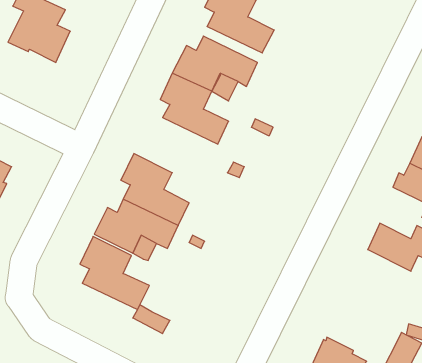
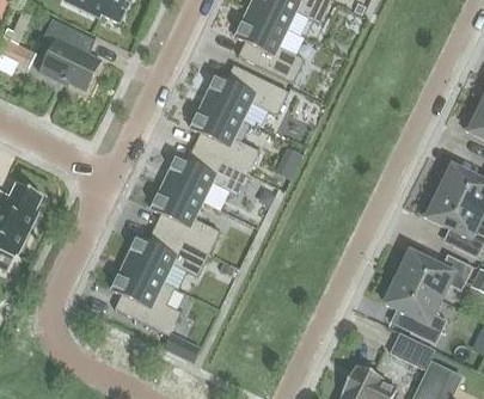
building: none -> [164,146,247,201]
building: none -> [384,277,446,343]
building: none -> [390,333,434,369]

